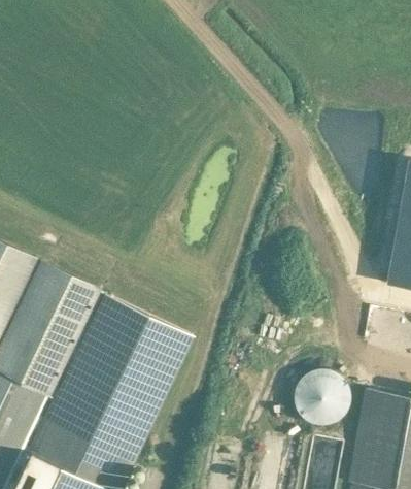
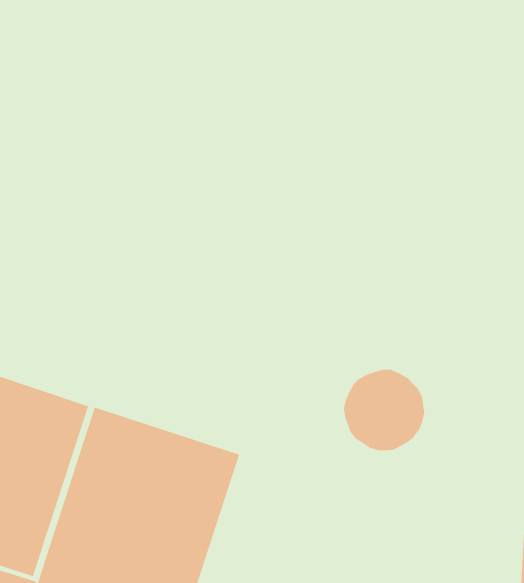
building: [298,372,349,425] -> [343,369,425,451]

